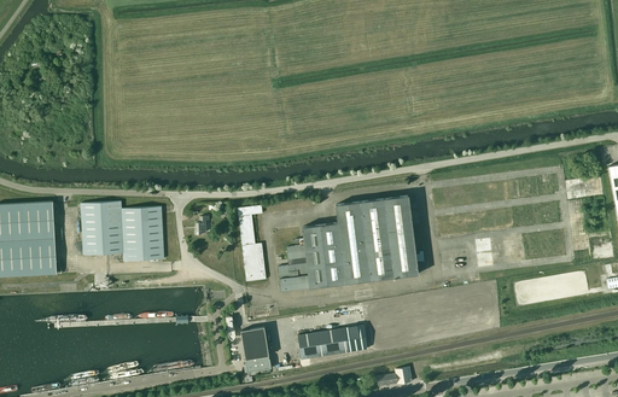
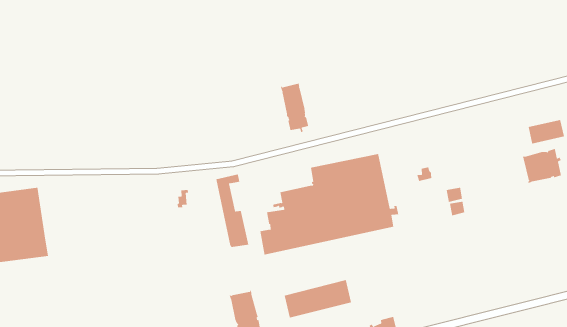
building: none -> [280,82,309,133]
building: [81,202,164,261] -> none
building: none -> [522,148,561,184]

